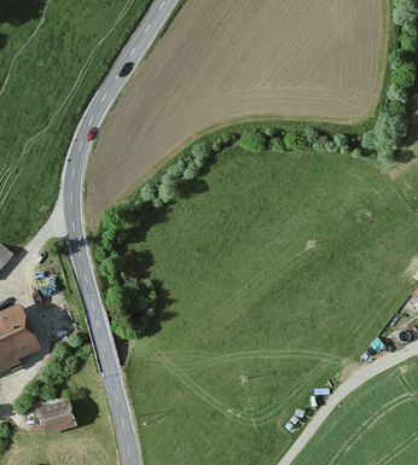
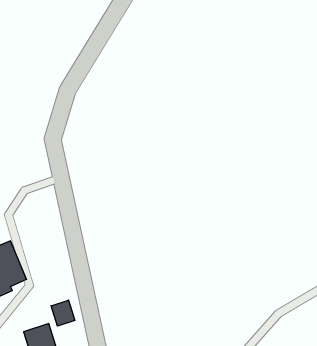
building: none -> [51,300,75,326]

